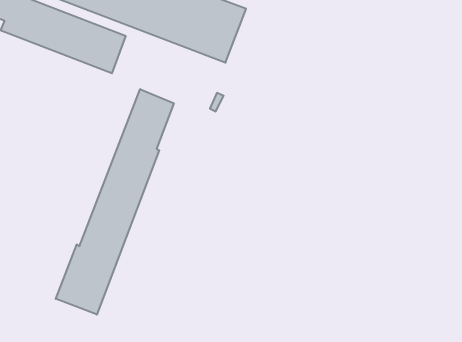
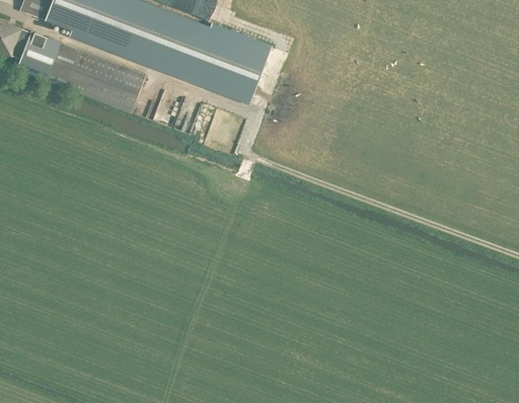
building: [56,89,174,315] -> none

